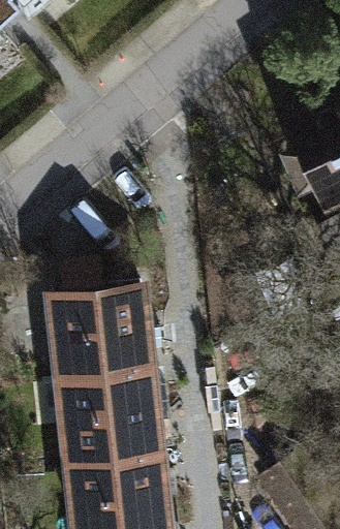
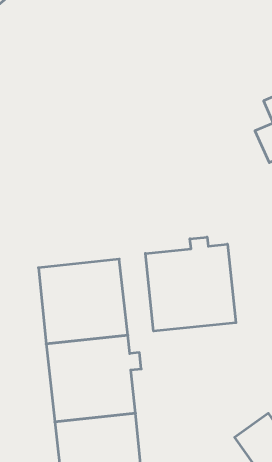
building: none -> [145,237,236,331]

